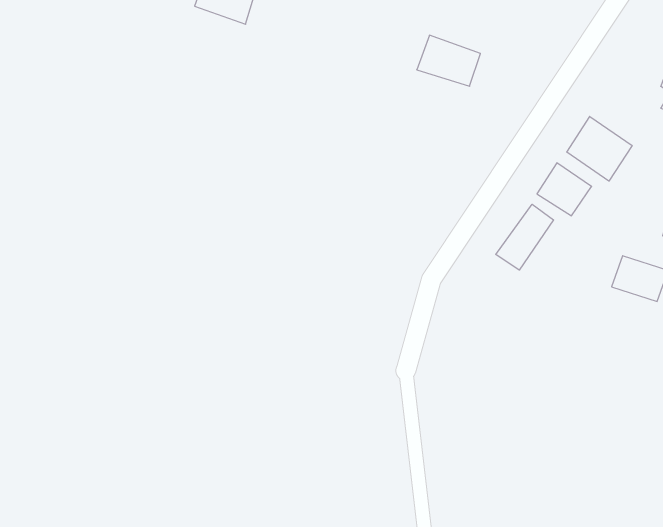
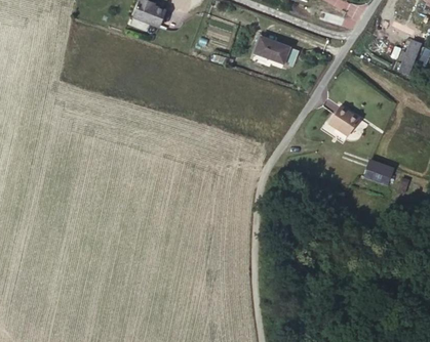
building: [567,116,632,181] -> none
building: [496,204,554,270] -> none

